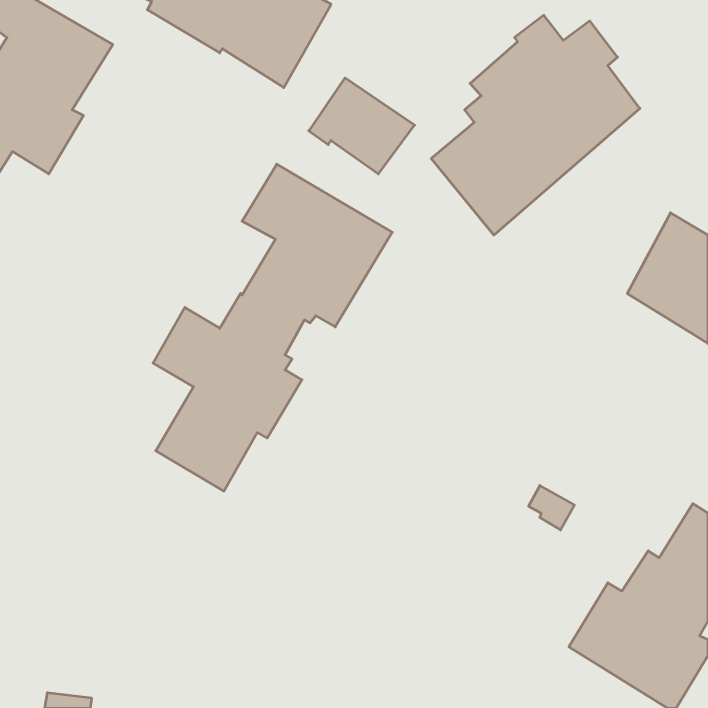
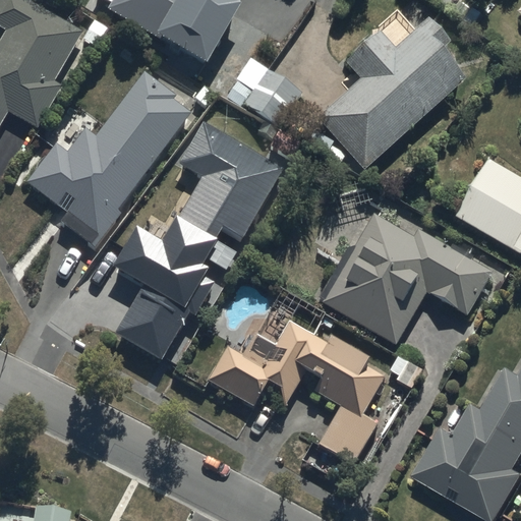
building: none -> [26,71,188,246]
building: none -> [317,214,490,346]
building: none -> [210,320,384,474]

